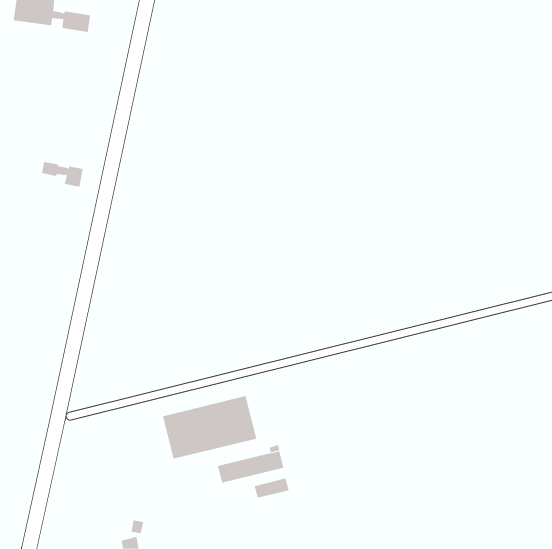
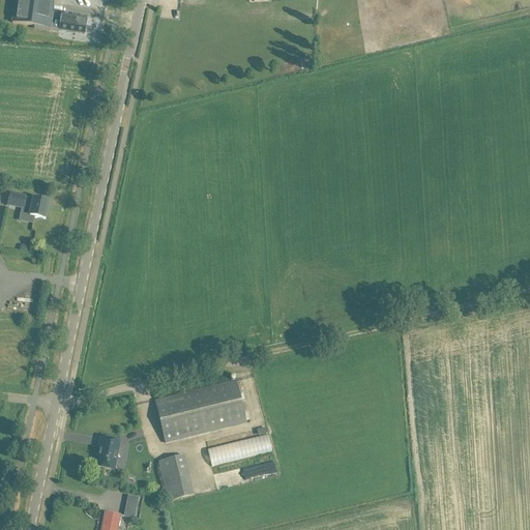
building: [41,161,83,187] -> [8,192,49,216]
building: none -> [96,435,119,468]
building: none -> [158,453,194,499]

